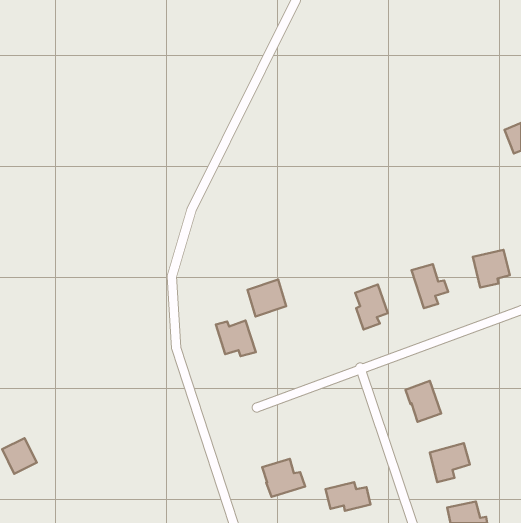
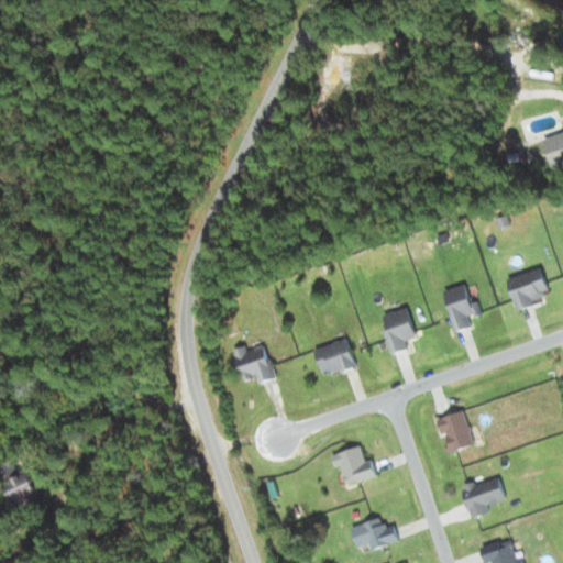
building: [247,280,286,316] -> [313,336,355,376]
building: [262,459,305,497] -> [330,445,376,486]

